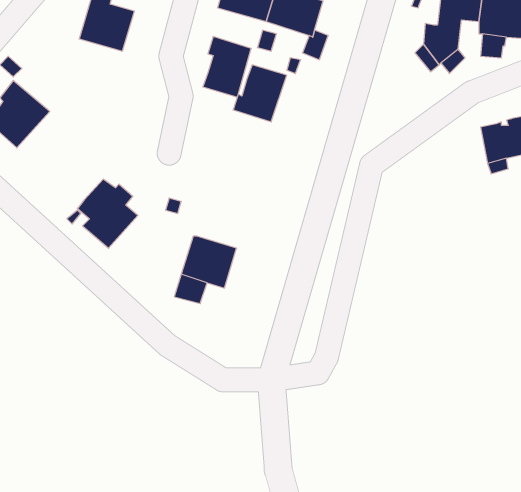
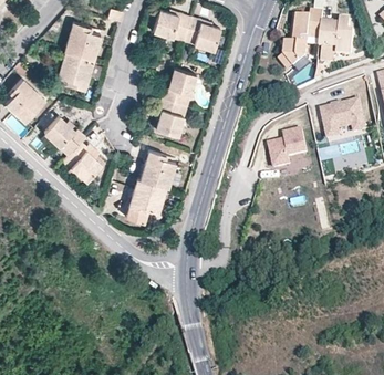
building: [203,37,251,97] -> [156,97,187,136]
building: none -> [58,52,92,88]
building: none -> [43,116,85,155]
building: none -> [268,129,307,168]
building: none -> [139,149,175,187]

